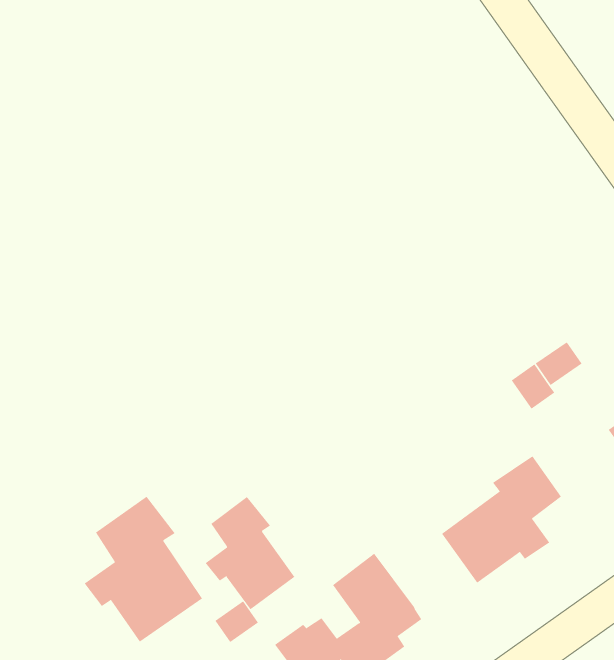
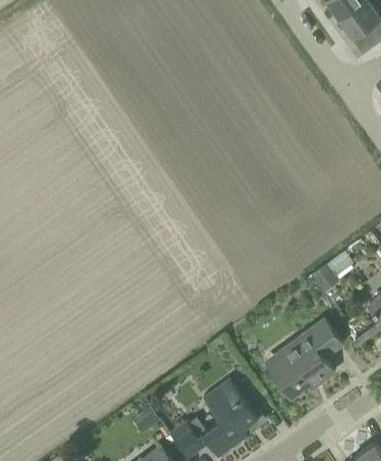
building: [84,496,203,643] -> none
building: [205,496,295,610] -> none

